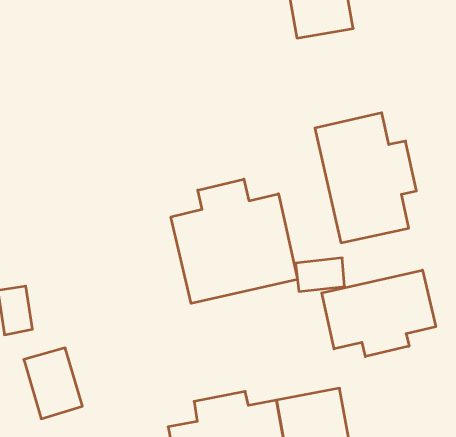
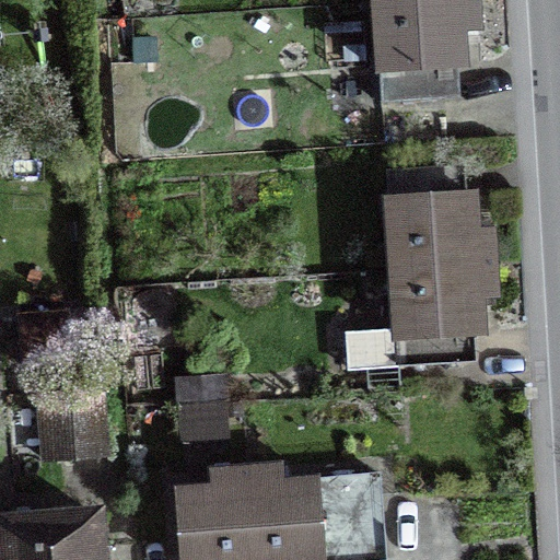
building: [171,179,297,303] -> none
building: [322,270,436,357] -> none

